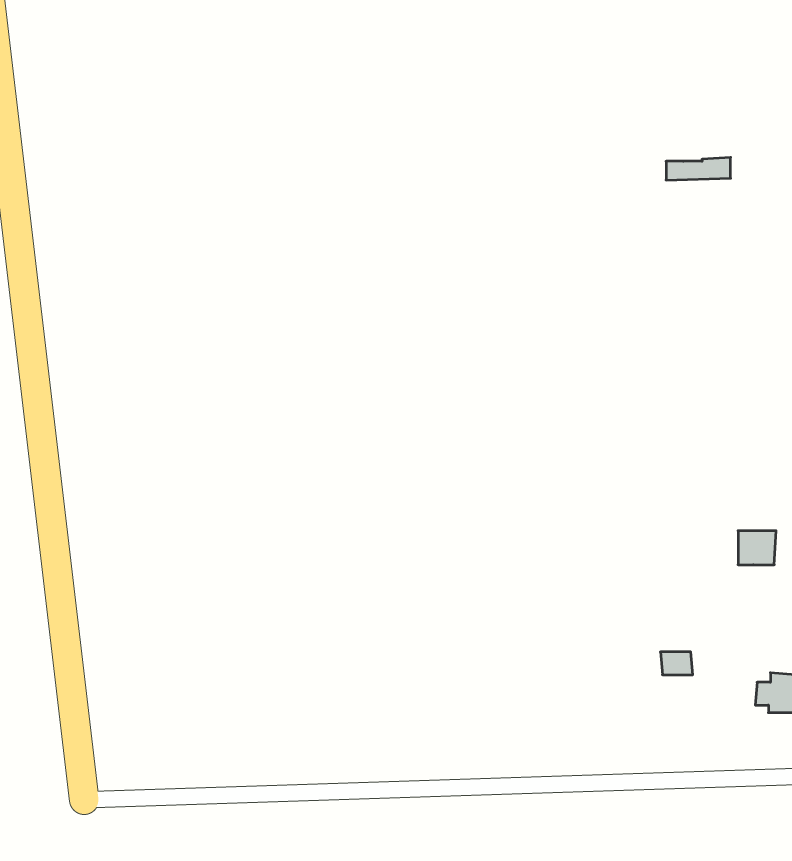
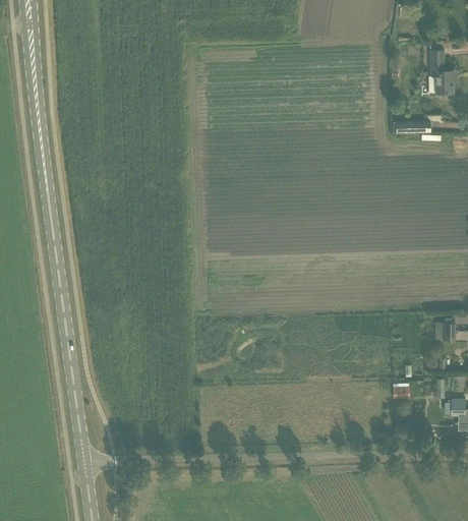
building: none -> [433,50,456,92]

